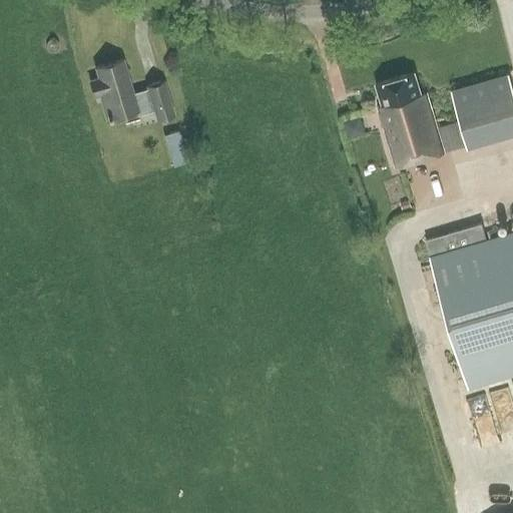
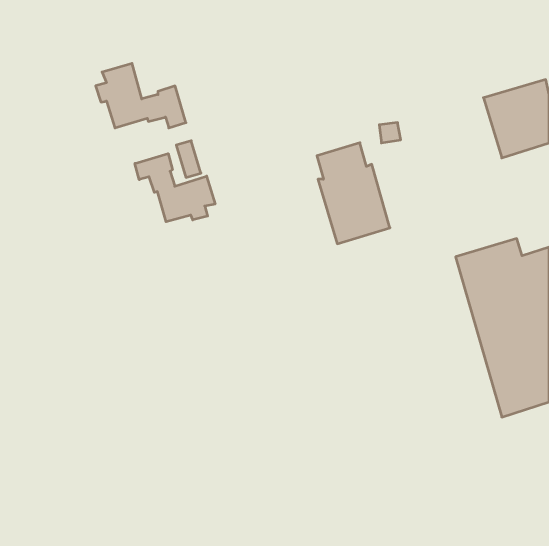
building: [377,75,445,169] -> [317,143,390,244]
building: none -> [135,154,215,222]

